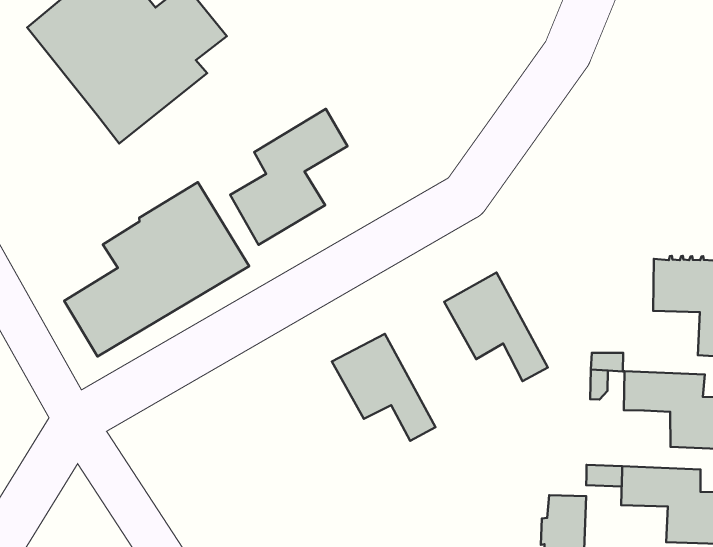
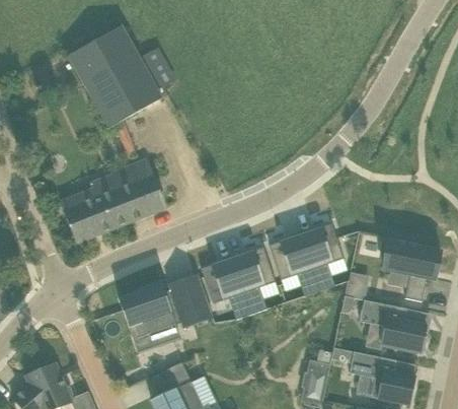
building: [230,109,347,245] -> none
building: none -> [301,223,344,290]
building: none -> [234,246,277,313]
building: none -> [118,274,211,345]

